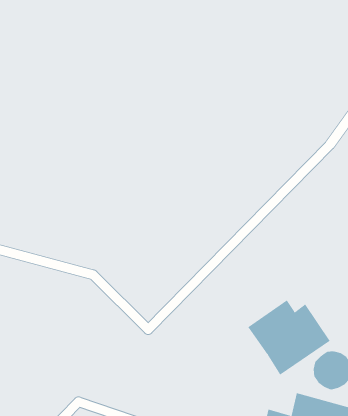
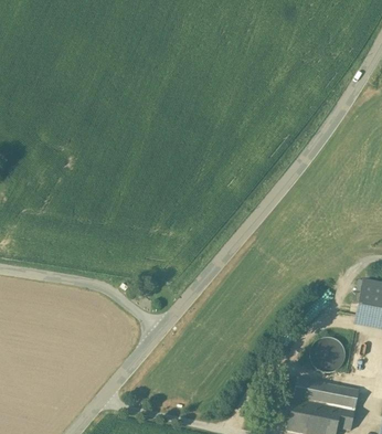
building: [247,299,330,375] -> none

